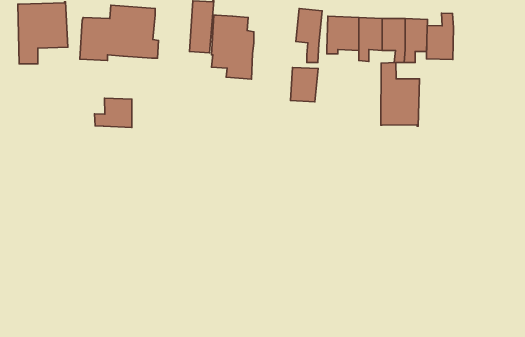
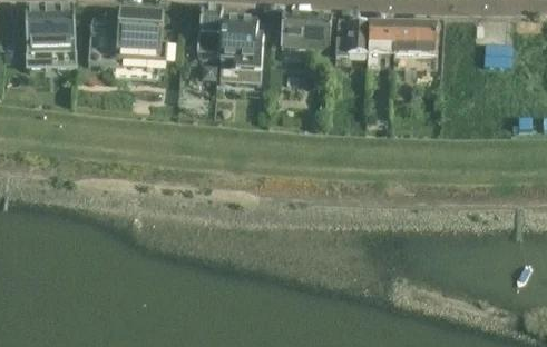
building: [426,13,454,59] -> none
building: [381,63,419,126] -> none
building: [290,67,318,102] -> [281,9,309,43]
building: [95,98,132,127] -> none

